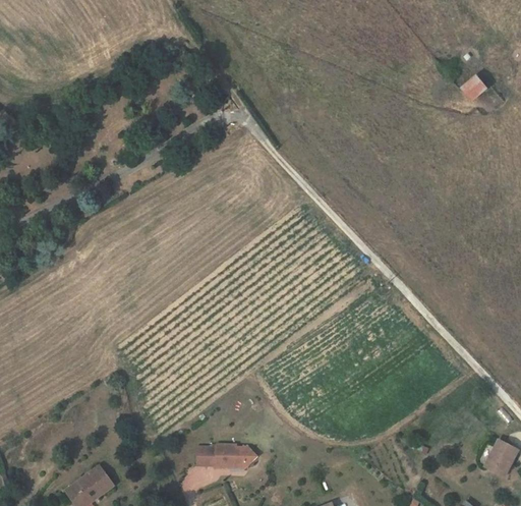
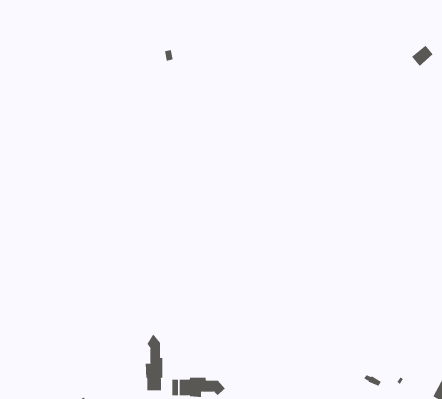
building: none -> [145,334,163,391]

